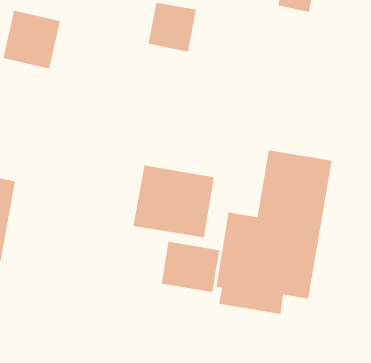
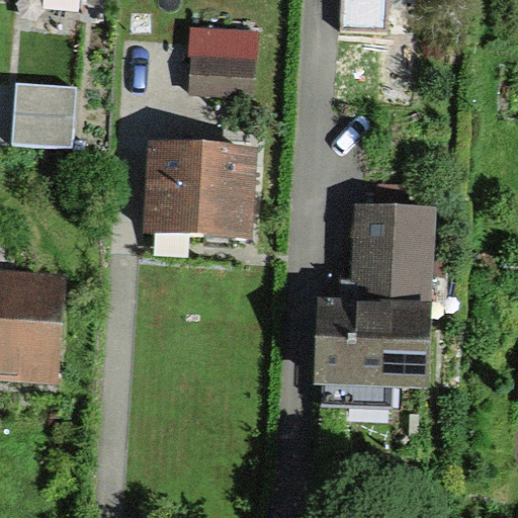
building: [133,165,215,238] -> [149,153,241,233]
building: [161,241,220,293] -> none

